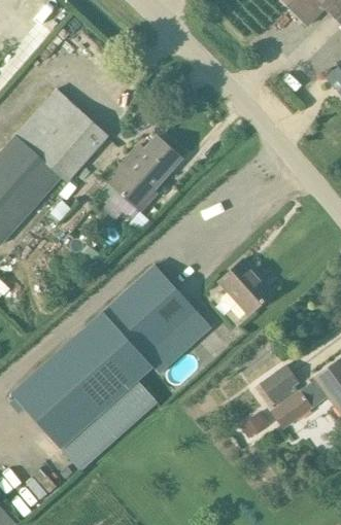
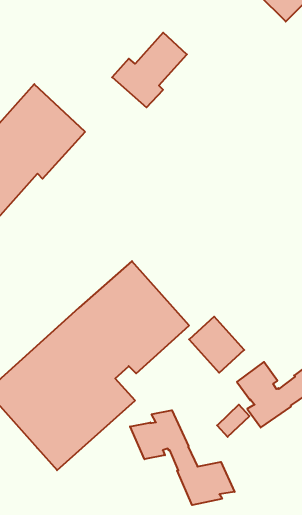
building: [106,136,180,210] -> [112,33,187,107]
building: [218,258,273,314] -> [189,317,244,373]
building: none -> [130,410,235,505]

